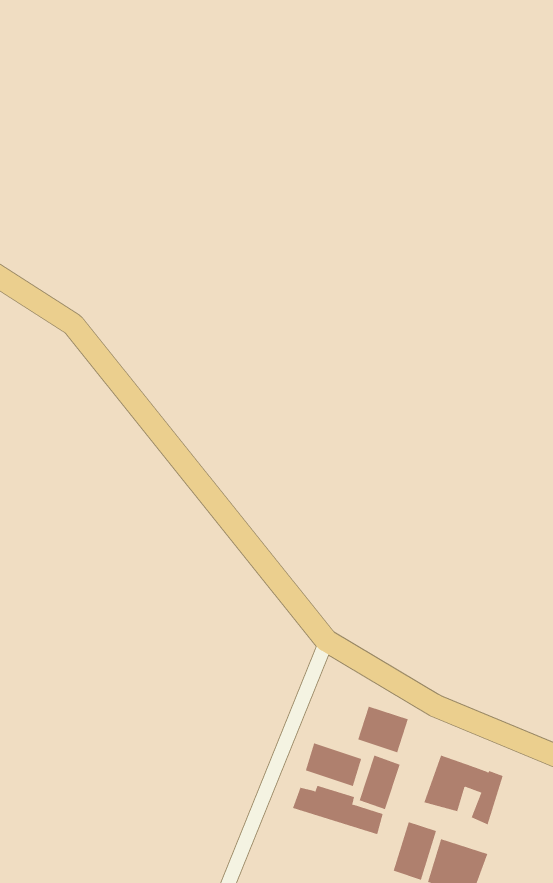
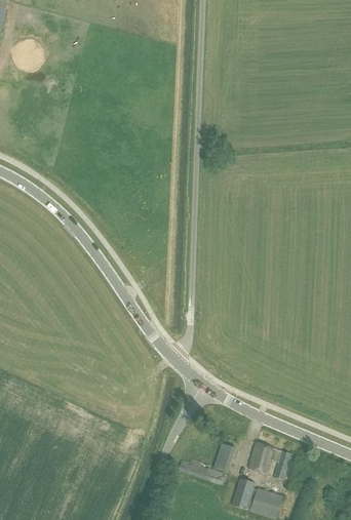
building: [358,706,408,753] -> none
building: [305,742,362,787] -> none

